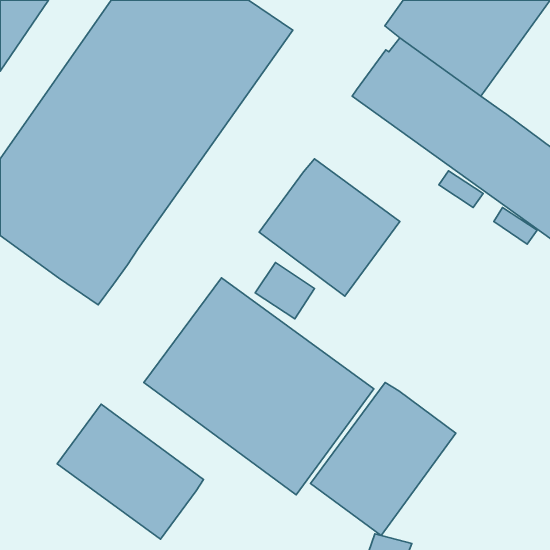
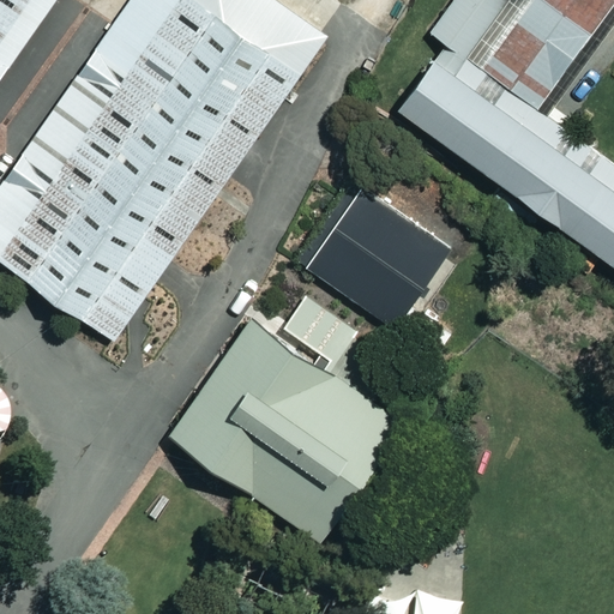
building: [311,382,456,535] -> none
building: [57,404,203,539] -> none

